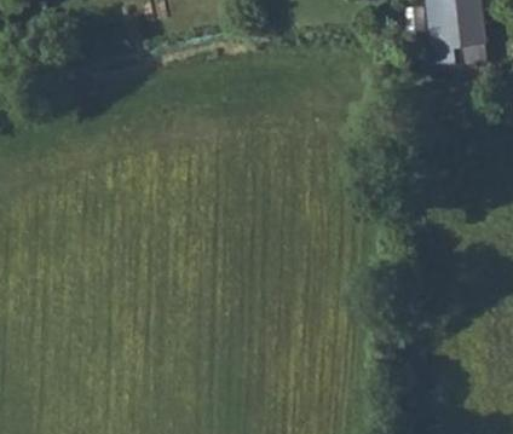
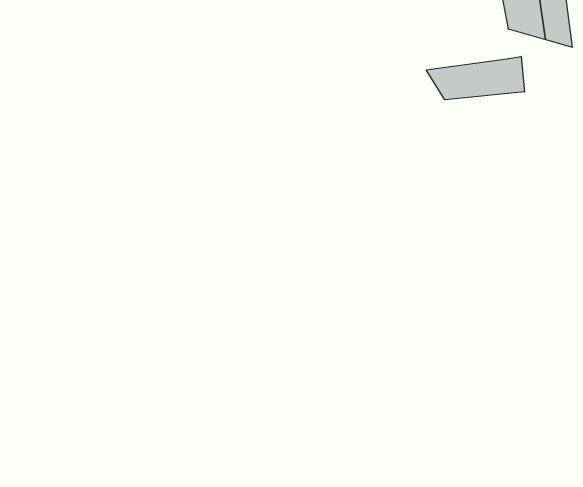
building: none -> [426,56,525,100]

